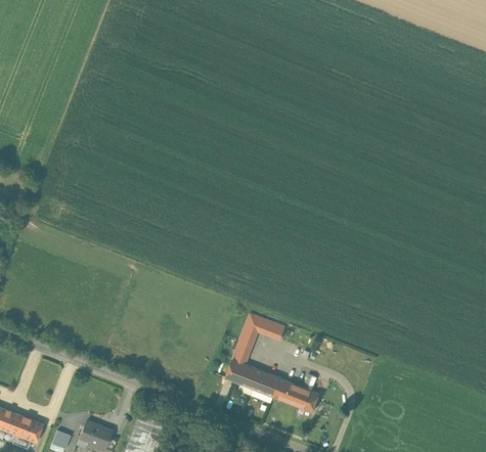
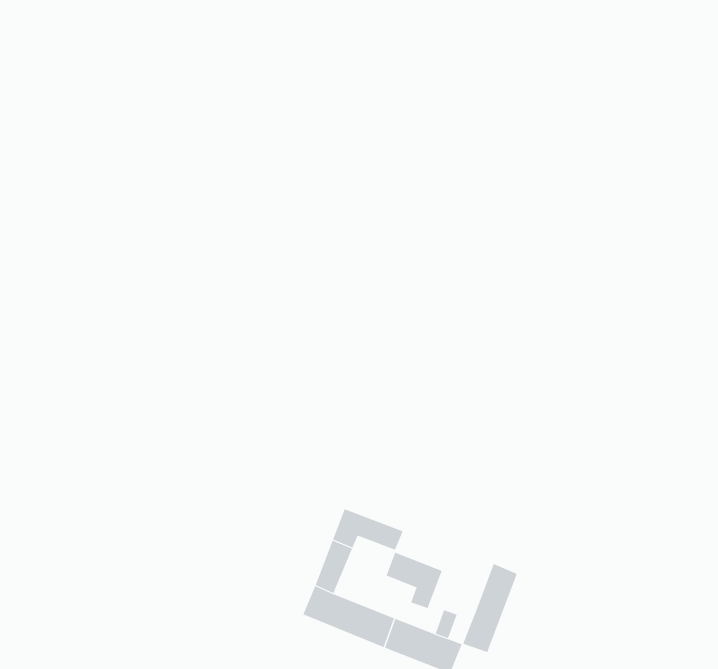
building: none -> [385,552,442,609]
building: none -> [463,563,518,653]

